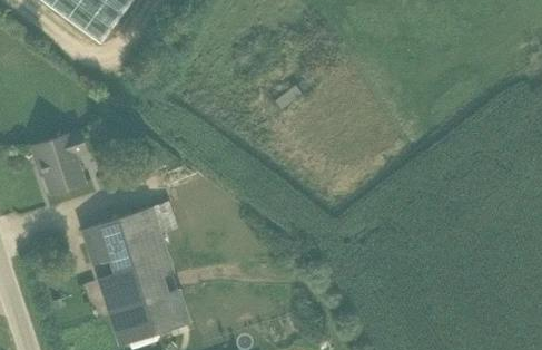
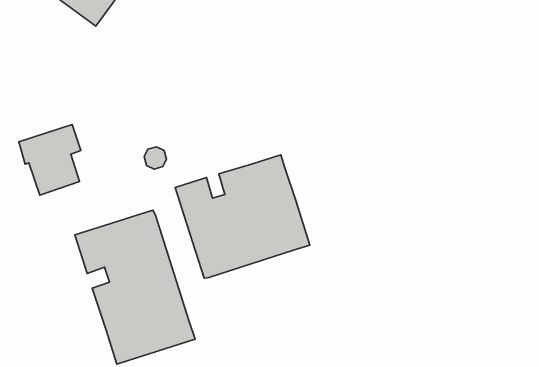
building: none -> [175,155,310,278]

